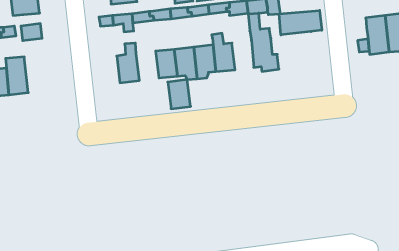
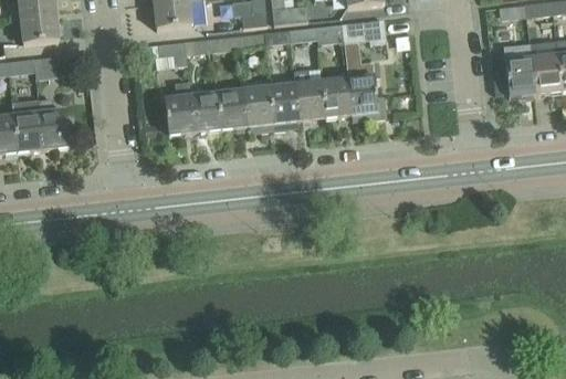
building: [279,10,322,35] -> none
building: none -> [321,77,350,117]
building: none -> [38,97,70,148]
building: [168,80,191,109] -> [190,92,221,131]

